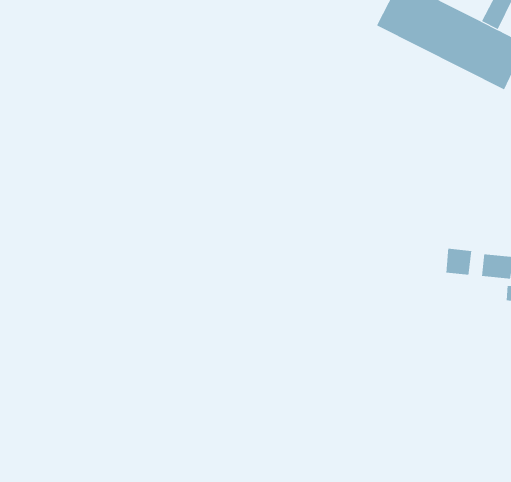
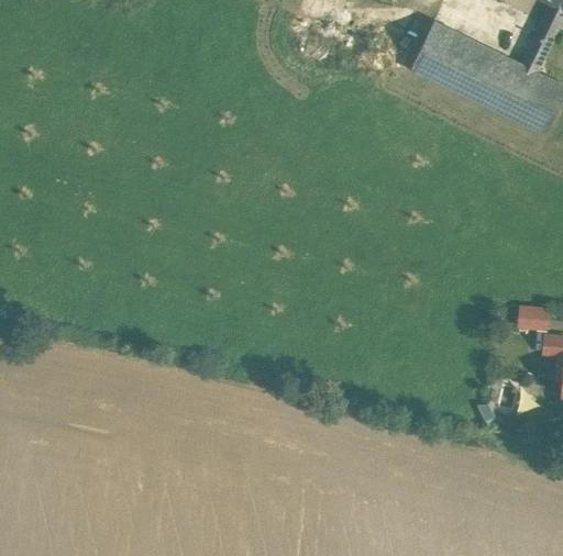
building: [446,248,472,275] -> none

